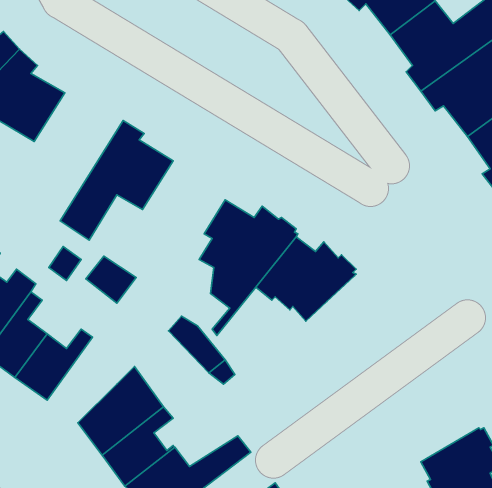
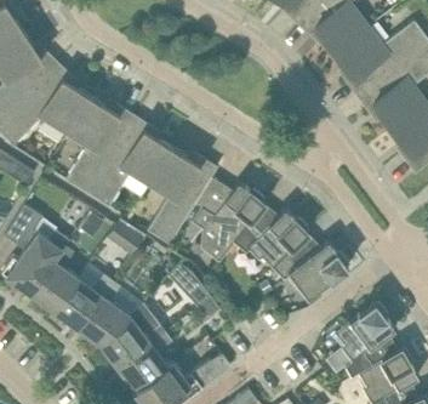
building: none -> [65,97,135,193]
building: none -> [147,148,217,245]
building: none -> [272,234,349,298]
building: none -> [78,280,130,345]
building: none -> [335,302,395,377]

